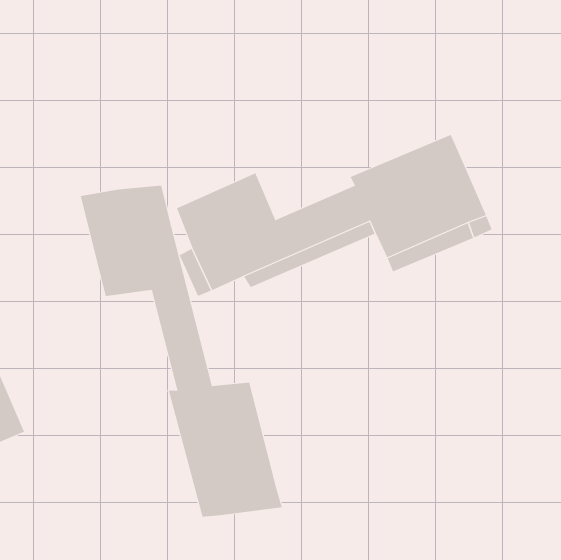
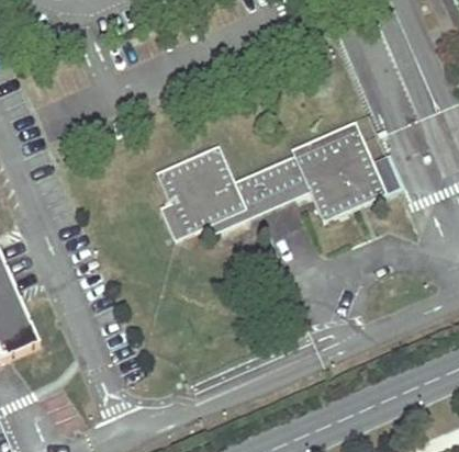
building: [80,185,282,517] -> none

